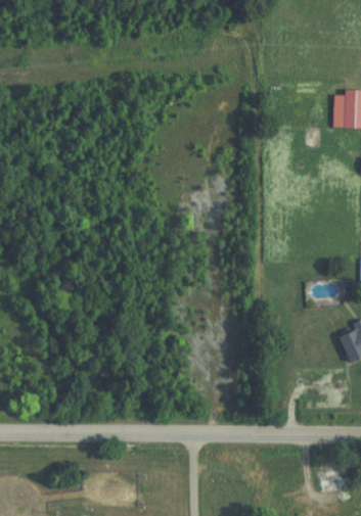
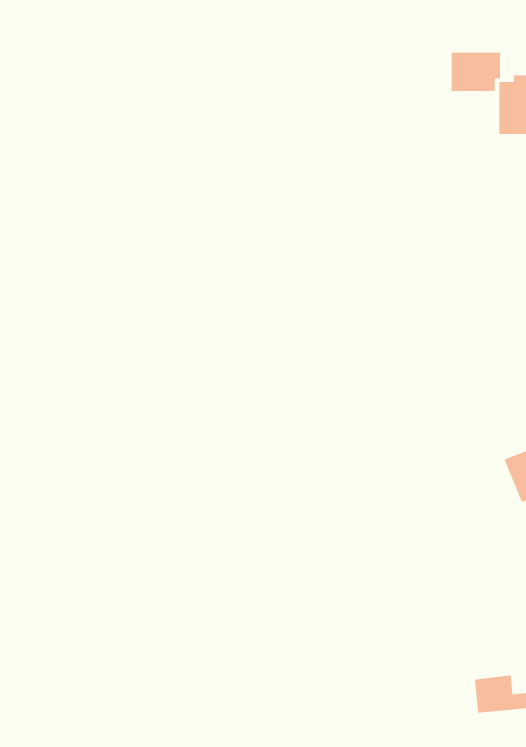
building: none -> [451,52,501,92]

